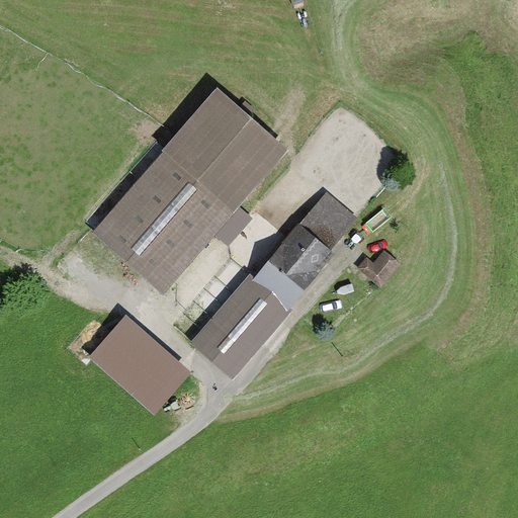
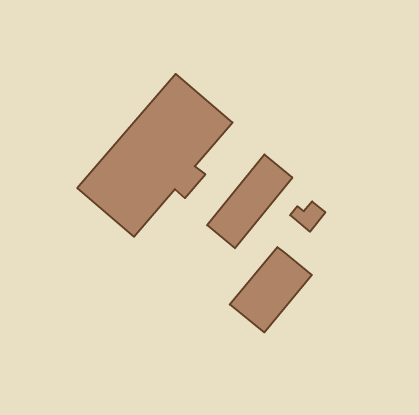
building: [188,271,289,376] -> [230,247,312,332]
building: [90,316,191,414] -> none

